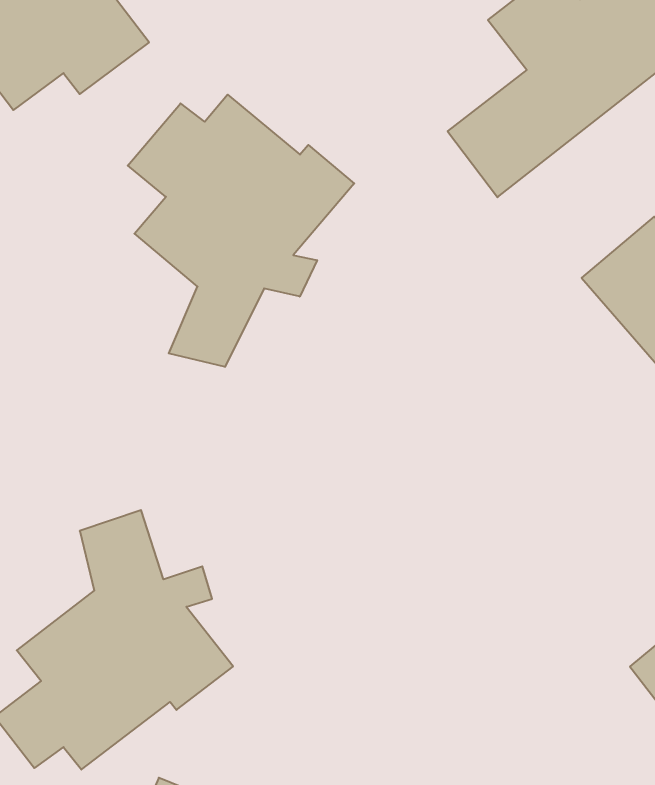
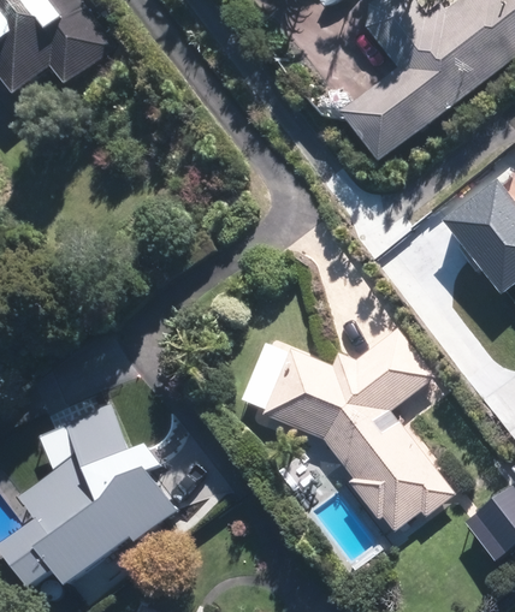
building: [128,95,354,367] -> none
building: none -> [242,322,460,530]

